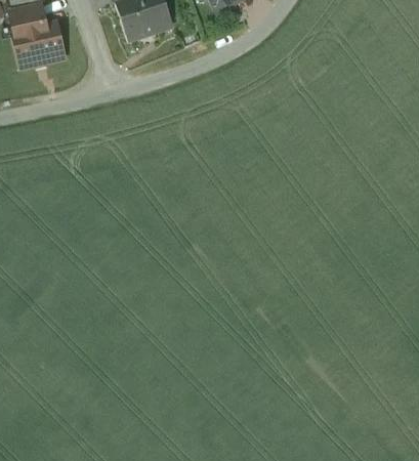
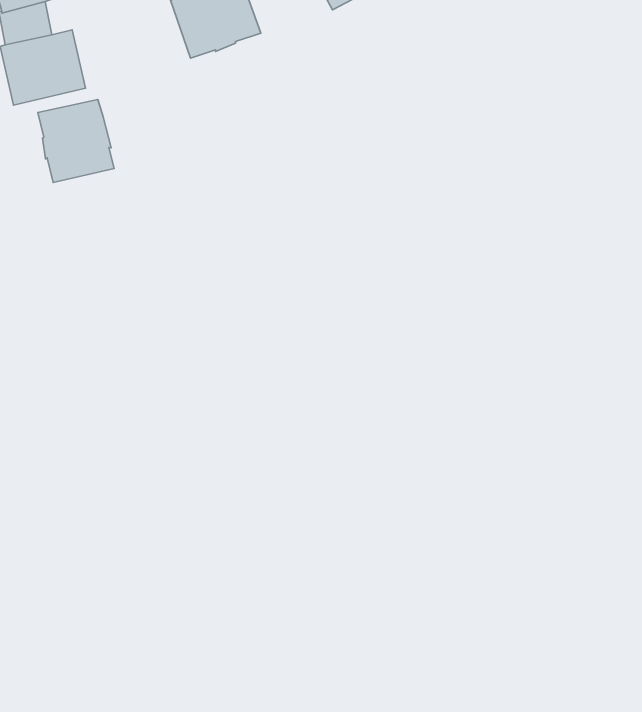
building: none -> [38,99,114,183]

